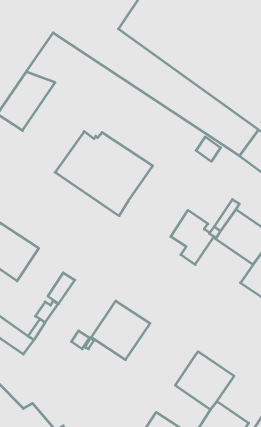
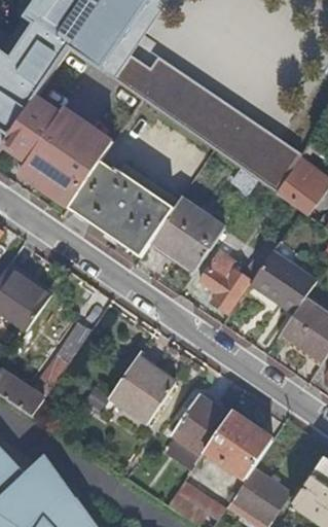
building: none -> [21,105,118,207]
building: none -> [151,197,224,270]
building: none -> [171,394,227,453]

